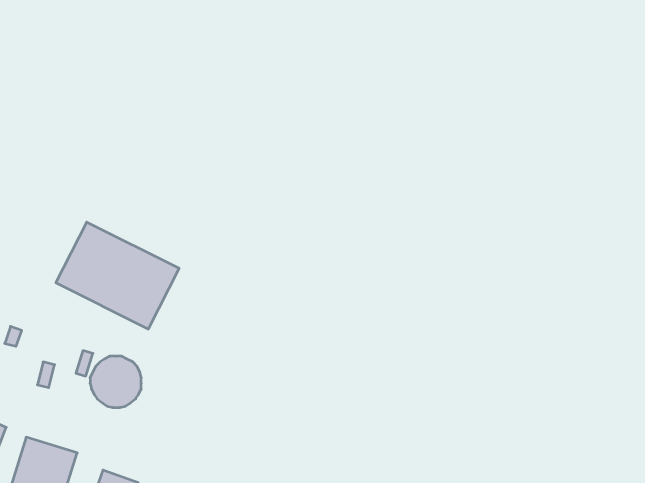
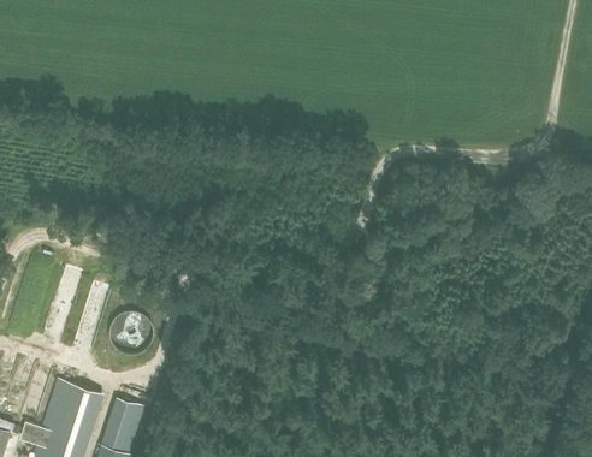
building: [56,222,179,329] -> none

